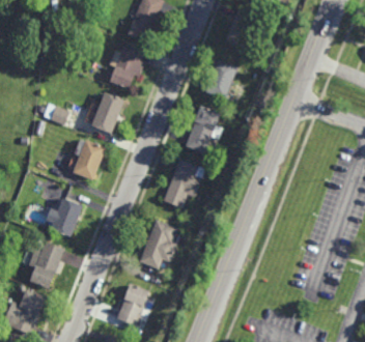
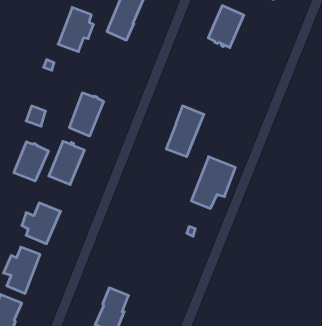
building: [109,47,143,89] -> [58,7,94,52]
building: [204,59,238,102] -> none
building: none -> [14,142,48,181]
building: [163,160,205,209] -> [191,157,235,208]
building: [139,221,177,270] -> none

